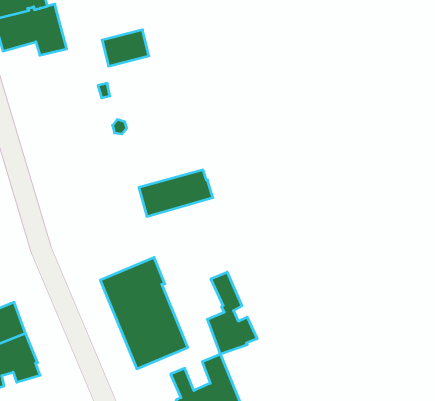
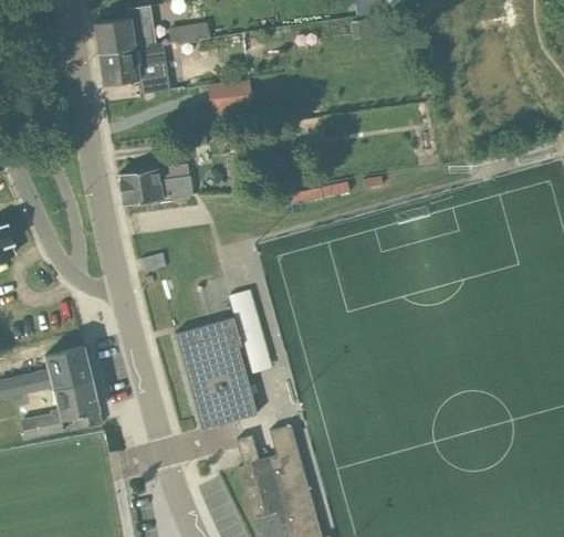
building: [139,170,213,216] -> [118,165,194,206]
building: [207,272,257,354] -> none

